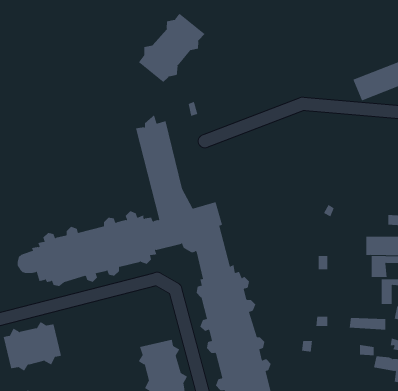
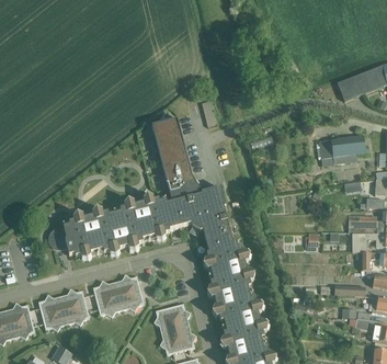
building: [138,13,206,83] -> none
building: none -> [318,135,367,164]
building: none -> [92,274,144,317]

